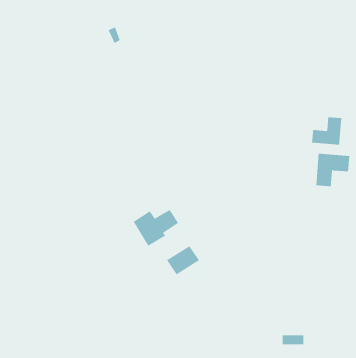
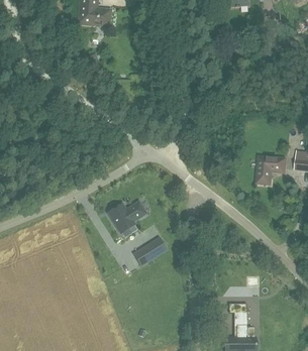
building: [312,116,342,145] -> none

